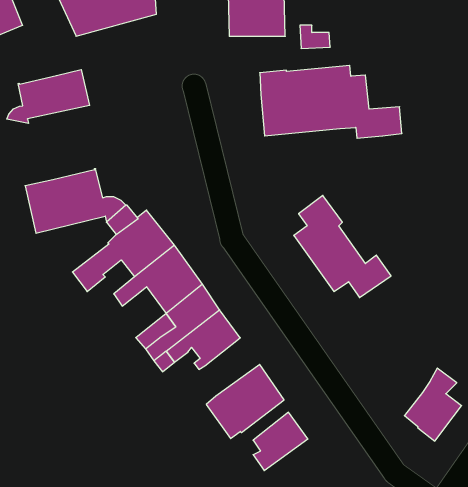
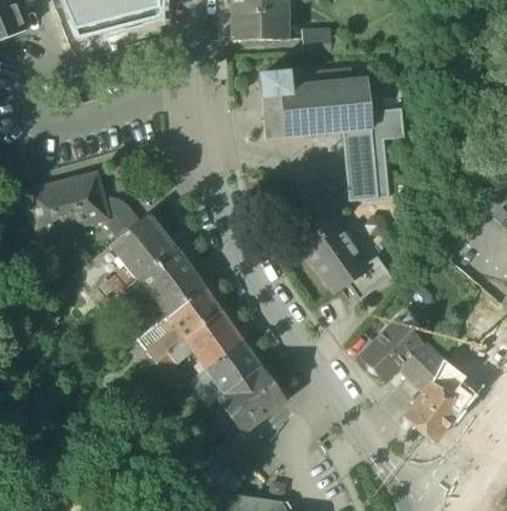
building: [7,70,90,123] -> none
building: none -> [343,130,391,203]
building: none -> [361,318,445,394]
building: [253,412,308,471] -> [209,339,263,397]

